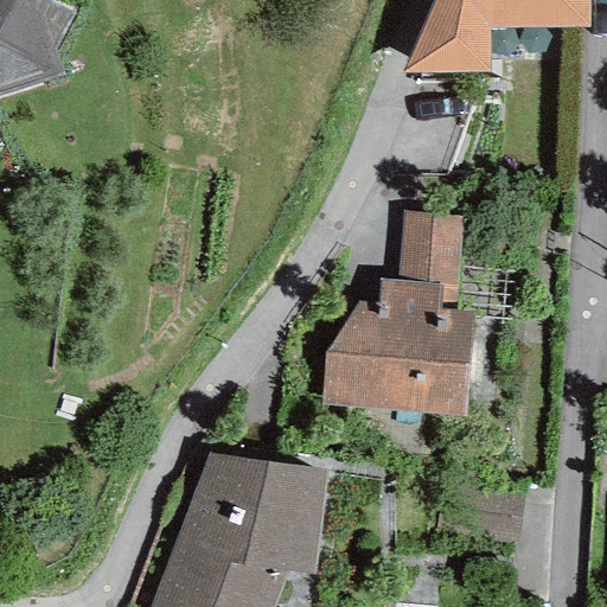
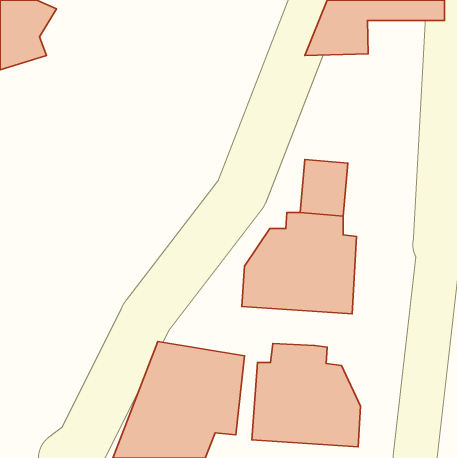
building: none -> [252,344,361,447]

